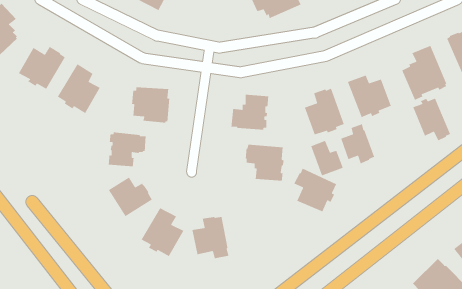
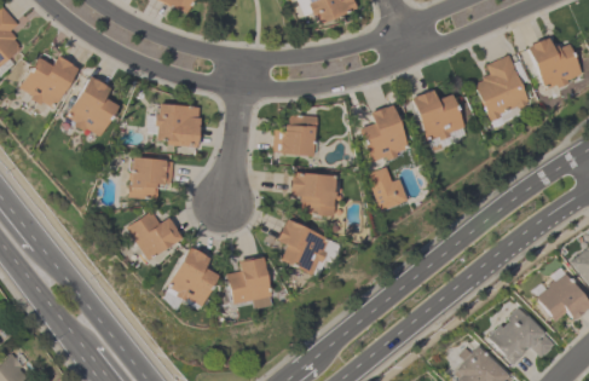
building: [412,98,451,142] -> none
building: [340,123,375,164] -> none
building: [293,168,337,212] -> [277,220,329,273]

